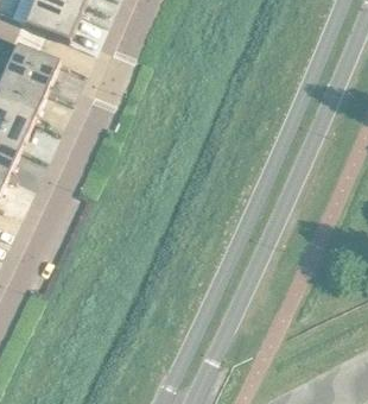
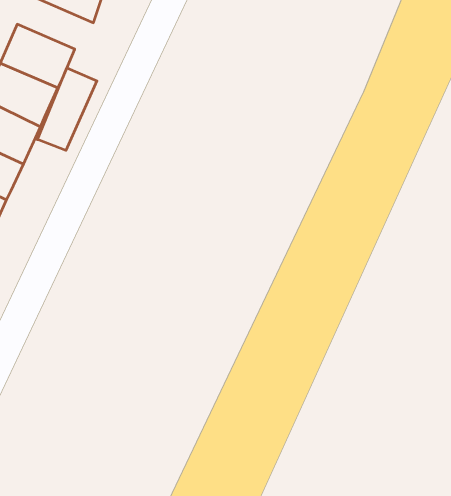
building: none -> [37,68,97,150]

